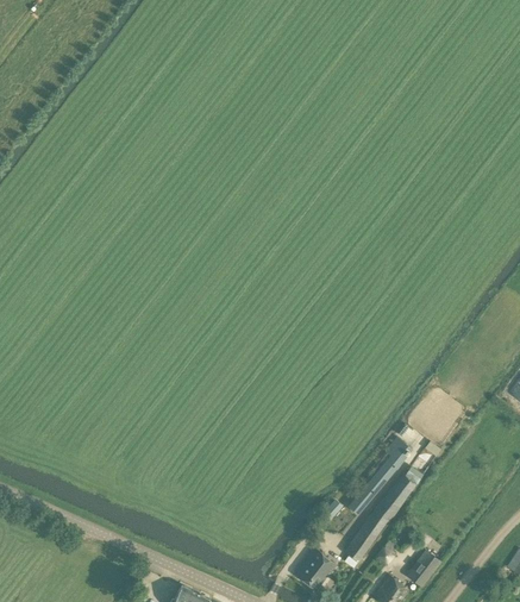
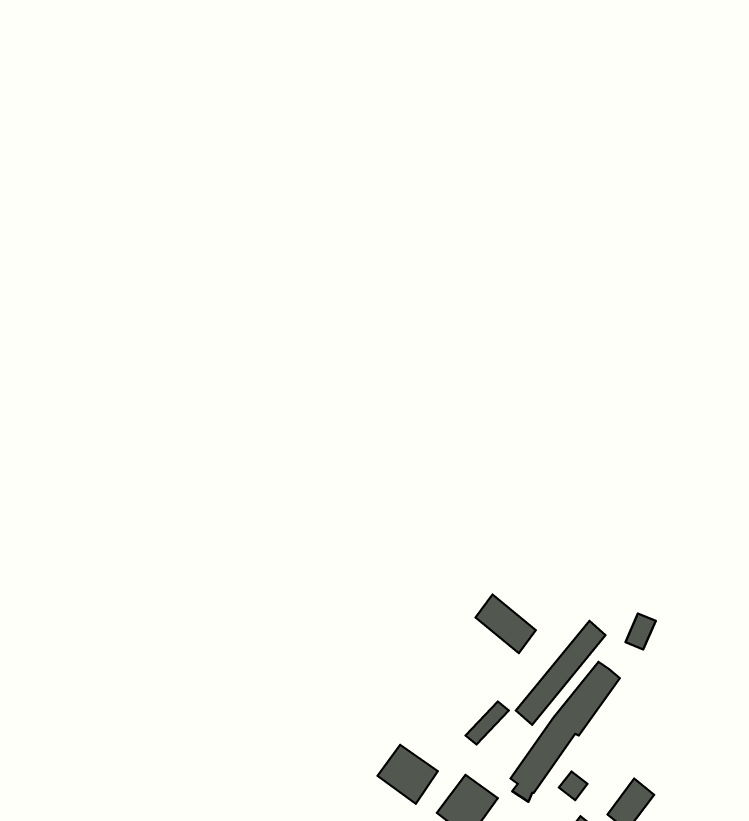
building: none -> [475,595,536,653]
building: none -> [377,745,438,804]

